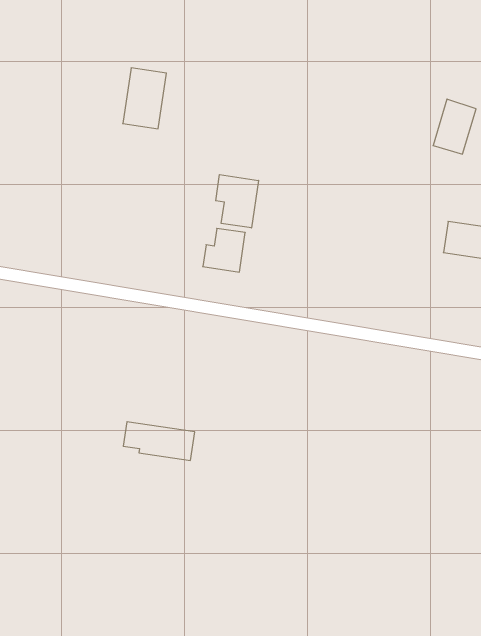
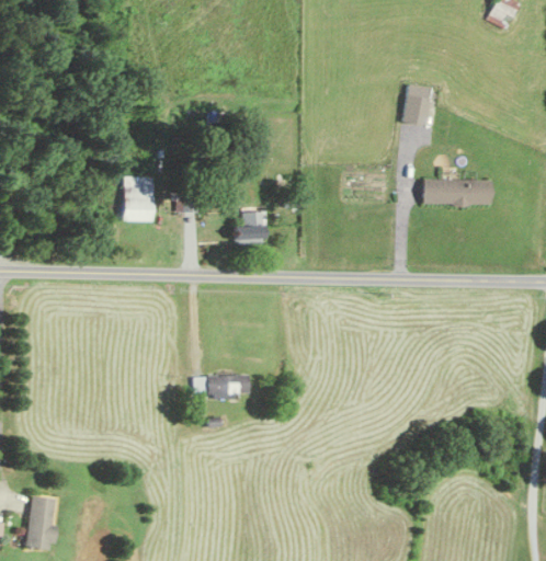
building: [123,68,166,129] -> [124,176,152,221]
building: [216,175,259,228] -> none

